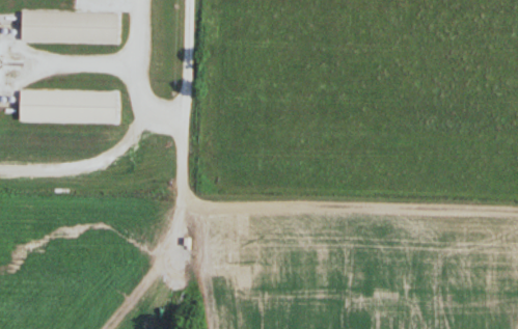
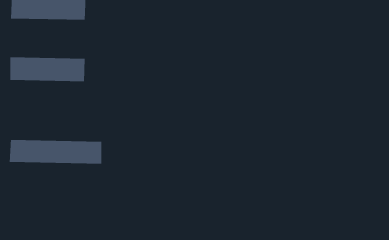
building: none -> [9,139,102,165]

